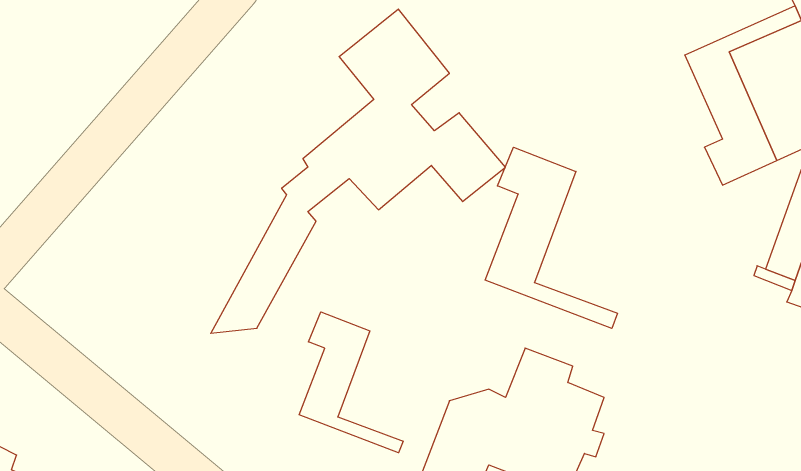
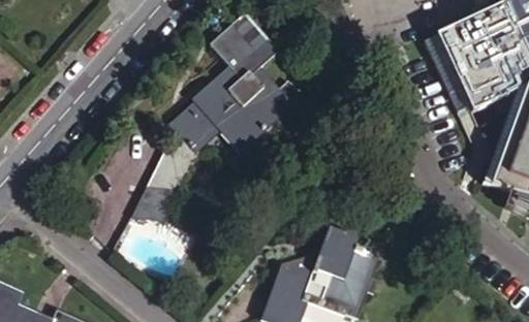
building: [485,147,618,328] -> none
building: [299,312,403,453] -> none

